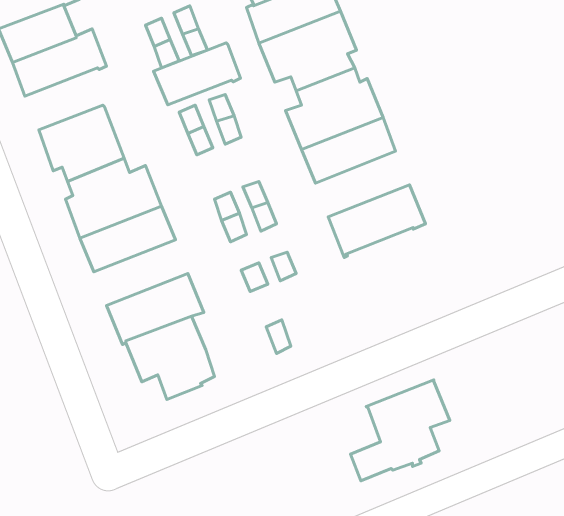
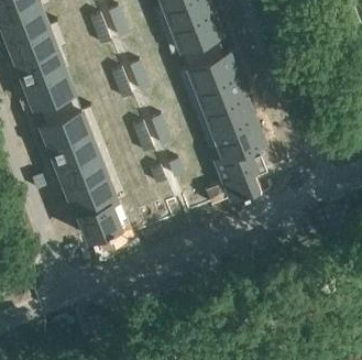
building: [154,43,240,105] -> [17,47,70,86]
building: none -> [197,99,255,140]
building: none -> [59,154,118,195]
building: [350,380,450,481] -> [206,146,267,209]

